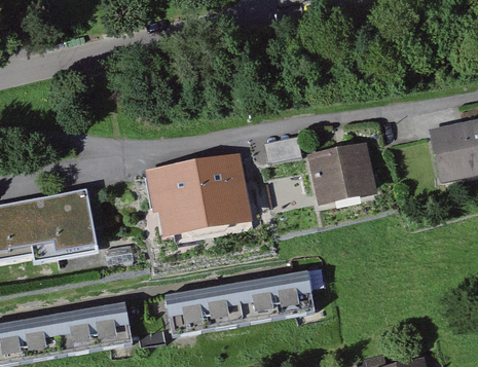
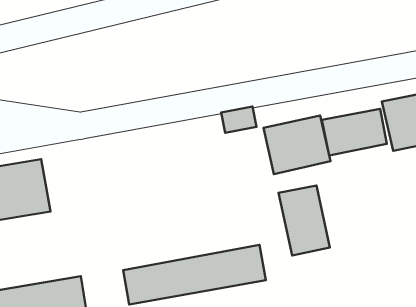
building: none -> [322,109,387,156]
building: [148,153,249,234] -> none
building: none -> [279,186,330,256]

